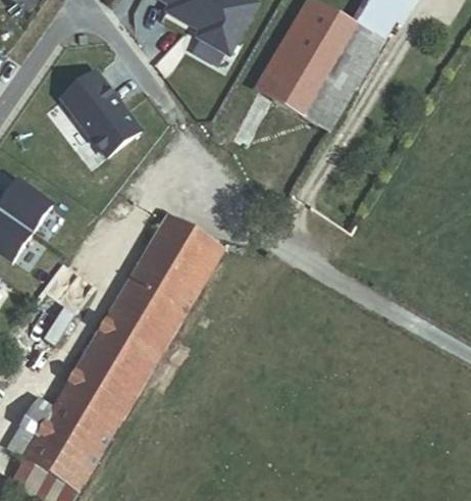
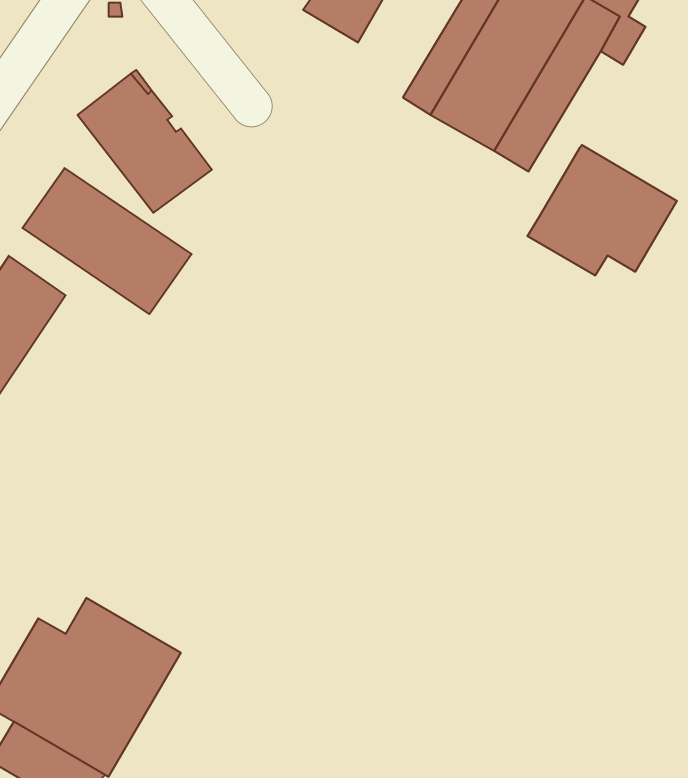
building: none -> [527,145,677,276]
building: none -> [22,168,192,314]
building: [66,213,223,416] -> none

